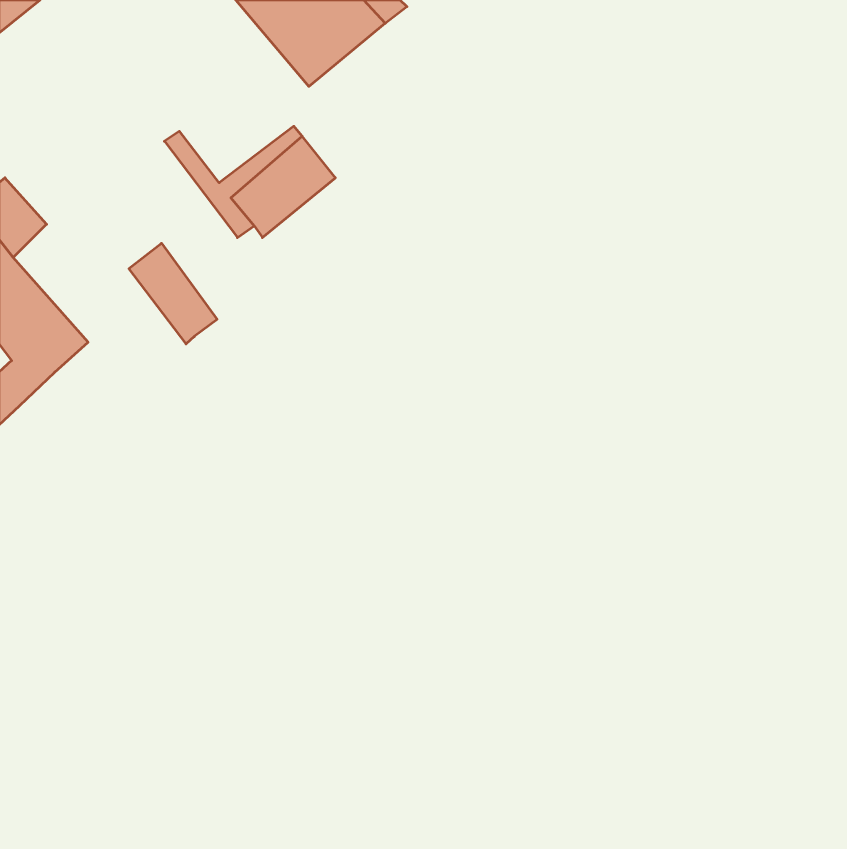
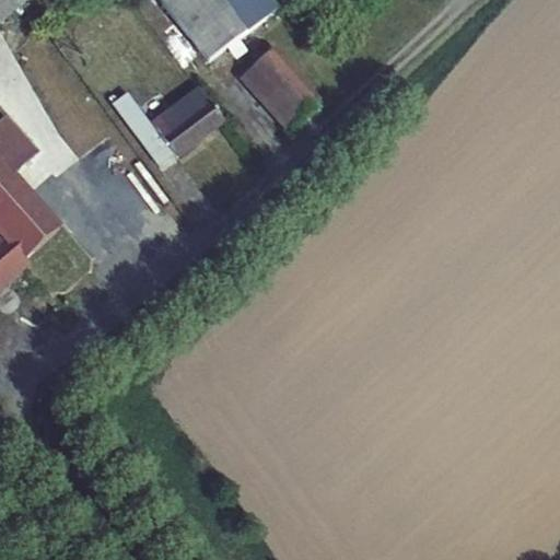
building: none -> [241,48,319,127]
building: [129,243,217,344] -> none

